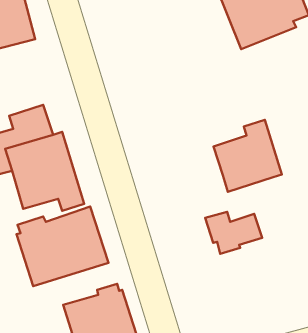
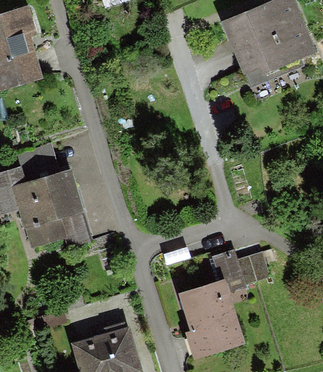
building: [213,120,282,192] -> none
building: [17,206,108,286] -> none
building: none -> [178,280,243,359]

